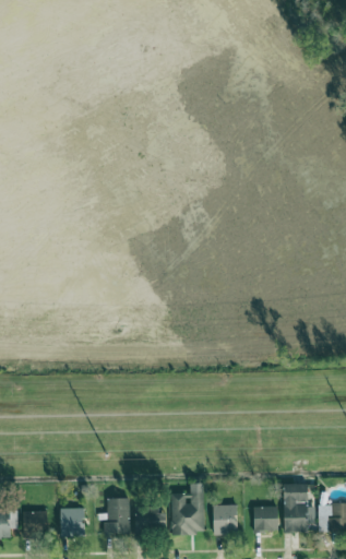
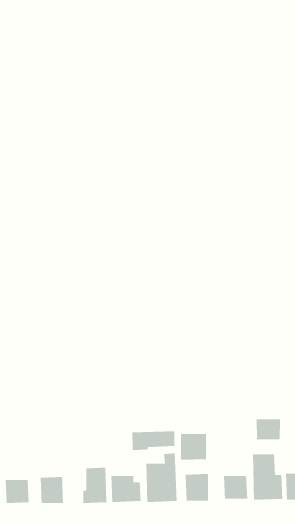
building: none -> [256,418,281,440]
building: none -> [132,431,175,451]
building: none -> [180,433,207,461]

